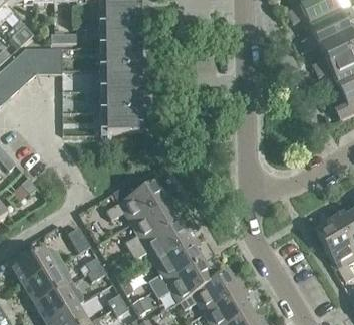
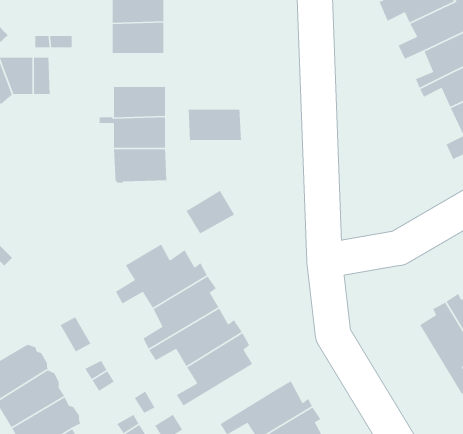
building: [103,46,140,68] -> [188,109,242,141]
building: none -> [185,190,235,235]
building: [152,260,217,301] -> none

